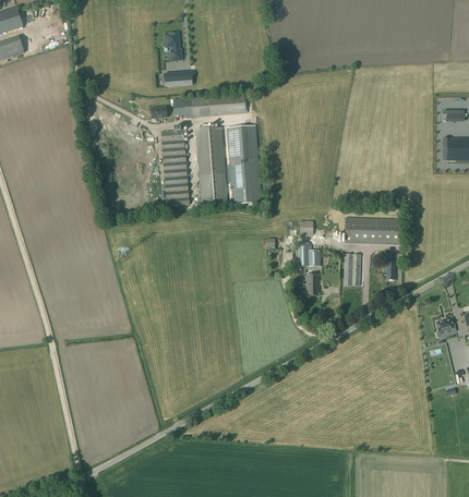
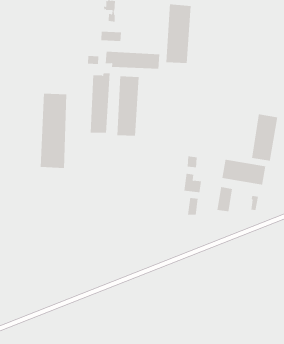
building: [227,126,261,204] -> [166,4,192,64]
building: none -> [251,114,278,162]
building: none -> [40,93,67,169]

